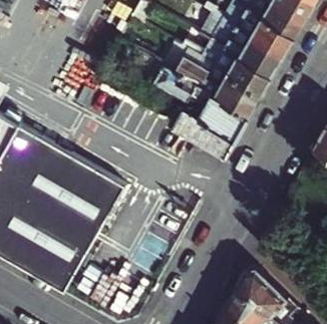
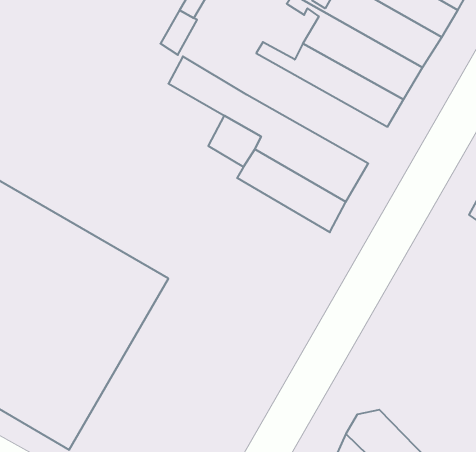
building: [175,49,263,114] -> none

